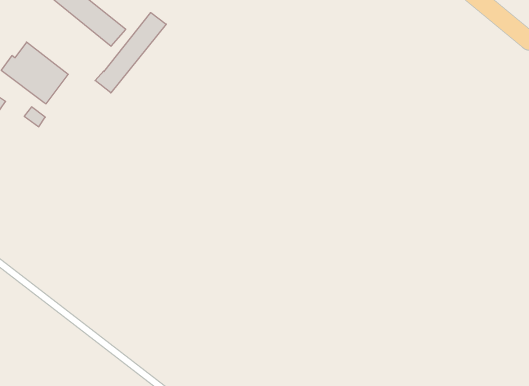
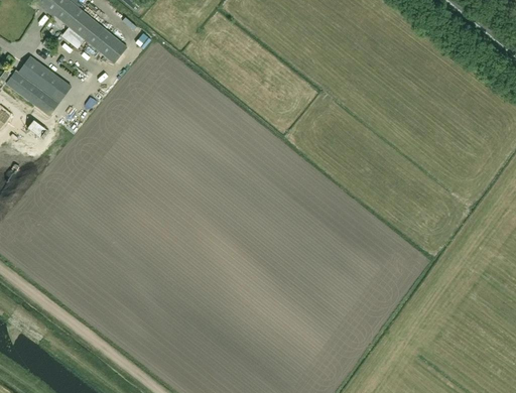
building: [95,13,166,93] -> none

